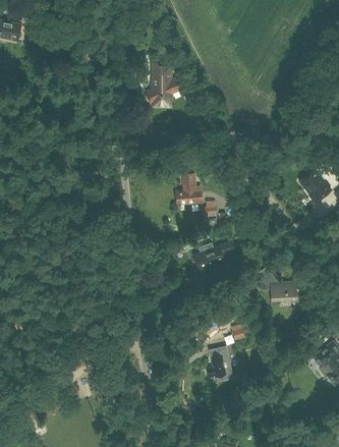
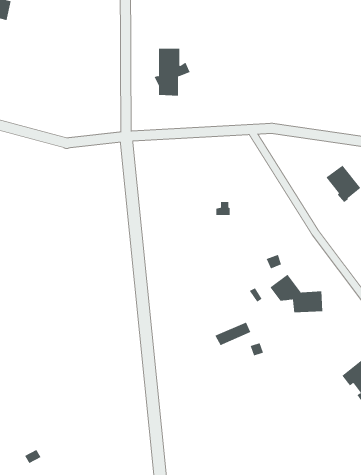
building: [176,173,201,204] -> none
building: [193,240,234,269] -> none
building: [207,348,230,377] -> none

